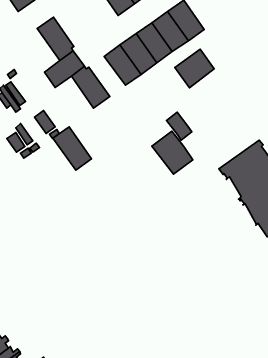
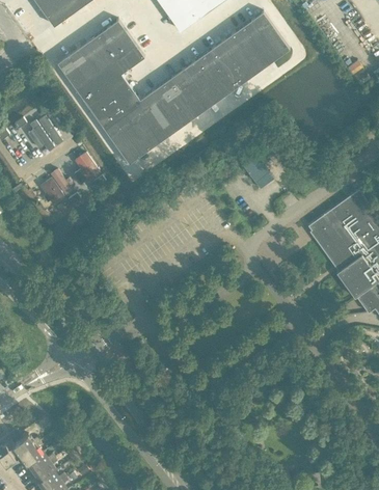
building: none -> [99,20,145,72]
building: none -> [58,49,107,104]
building: [175,49,214,88] -> none
building: none -> [143,84,190,135]
building: [53,127,91,170] -> [101,109,150,164]
building: [152,131,193,174] -> none

